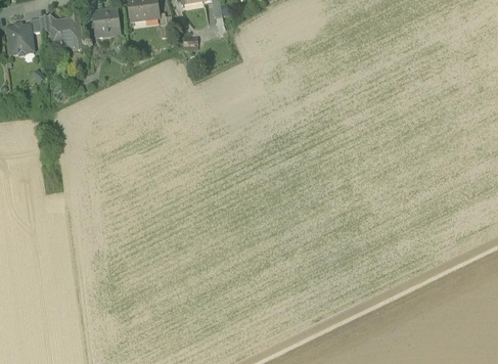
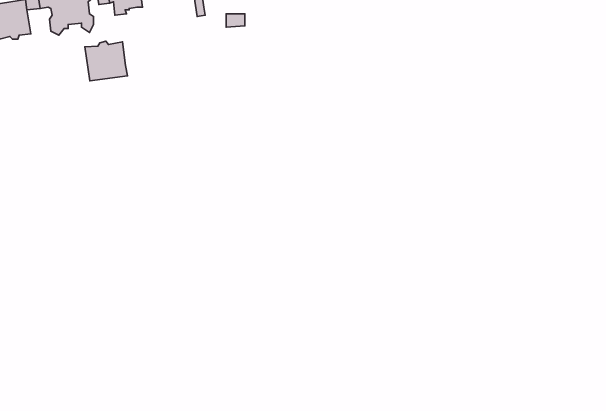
building: none -> [85,41,127,81]

